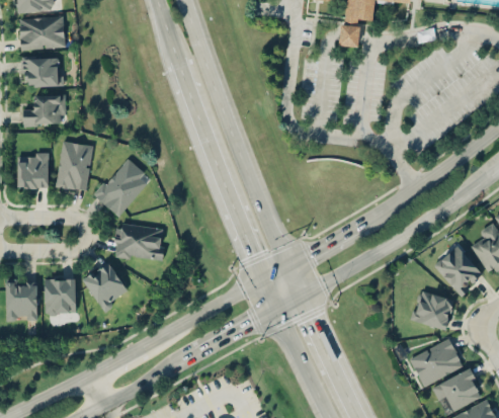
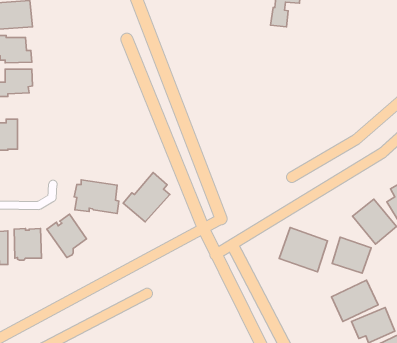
building: [55,141,93,190] -> none
building: [93,159,147,216] -> [123,172,170,222]
building: none -> [279,227,328,272]

